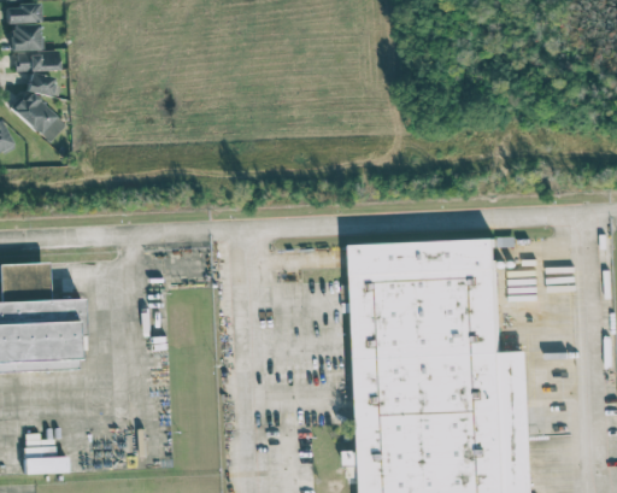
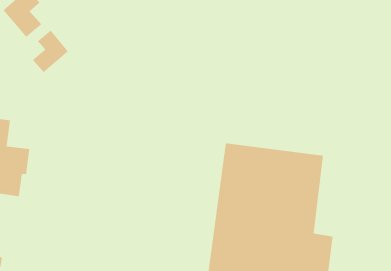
building: none -> [32,29,69,73]

